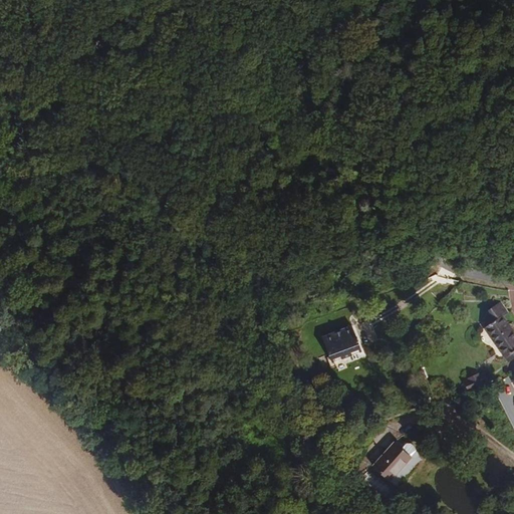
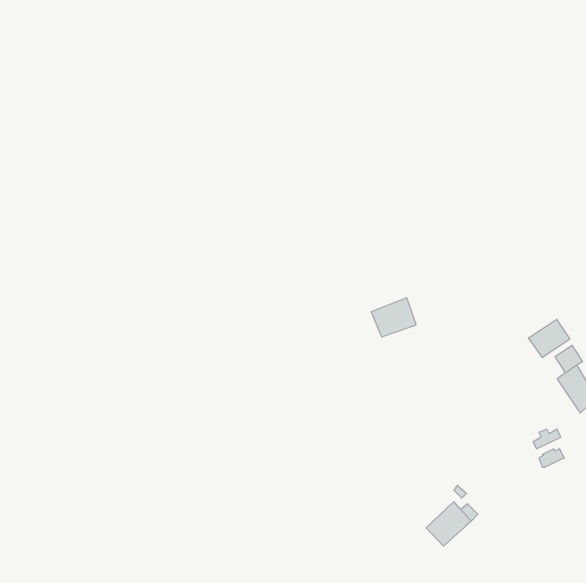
building: none -> [528,319,570,358]
building: [322,323,361,357] -> [371,298,416,337]

